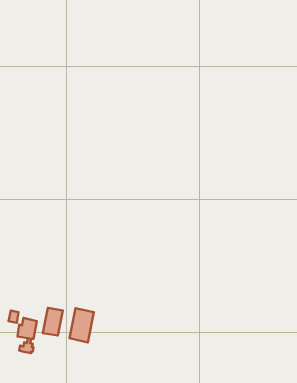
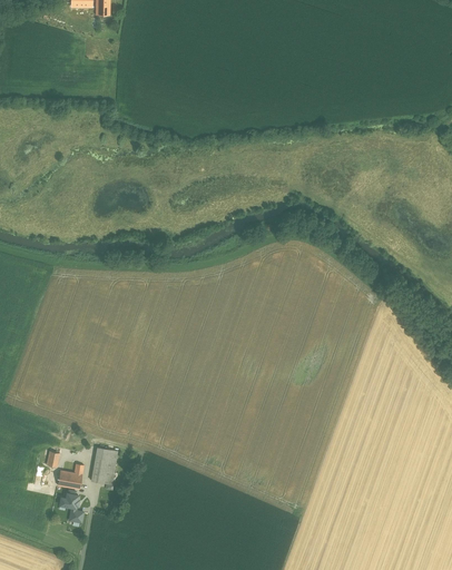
building: [69,308,94,342] -> none

